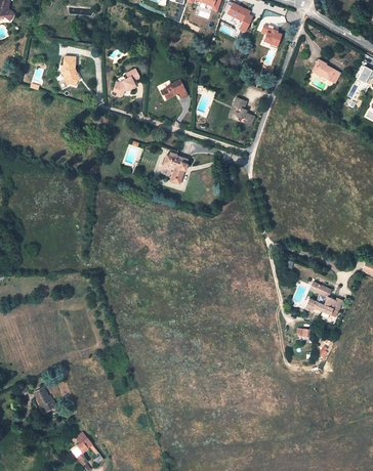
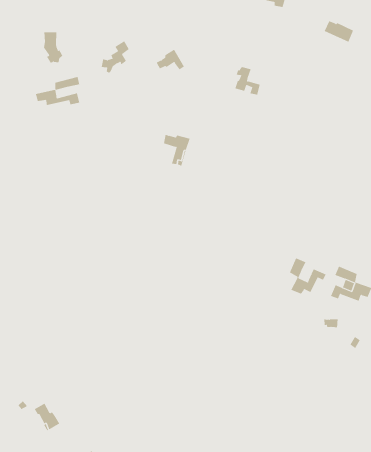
building: none -> [35,76,80,106]
building: none -> [289,257,327,295]

